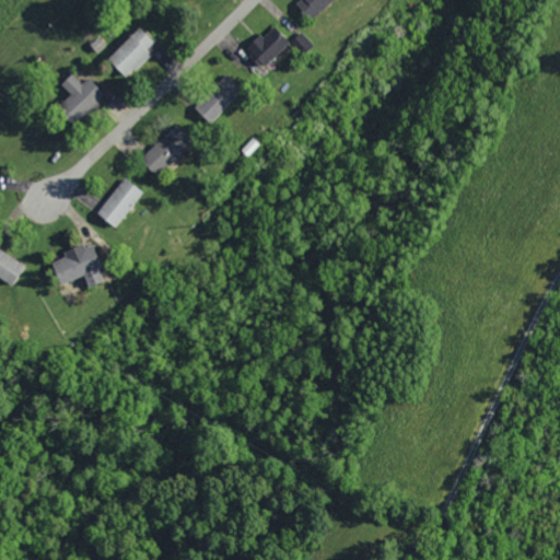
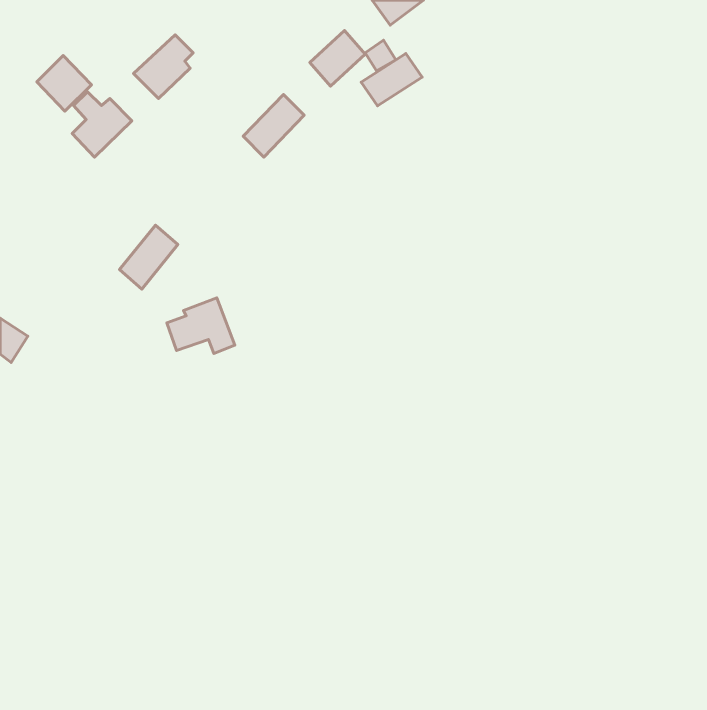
building: none -> [361,53,422,106]
building: none -> [37,56,91,111]
building: [139,124,192,176] -> none
building: [50,243,104,287] -> [167,298,235,353]

